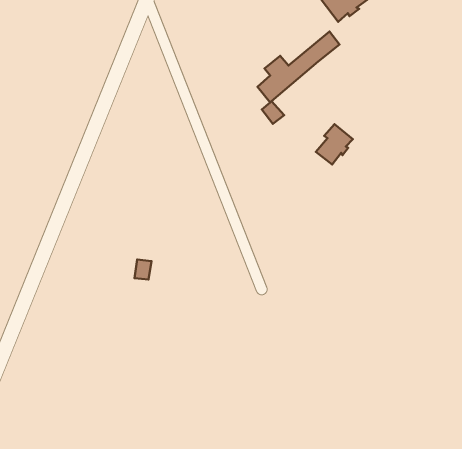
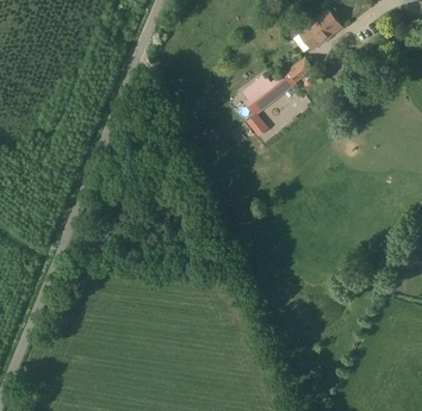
building: [316,124,353,164] -> none

